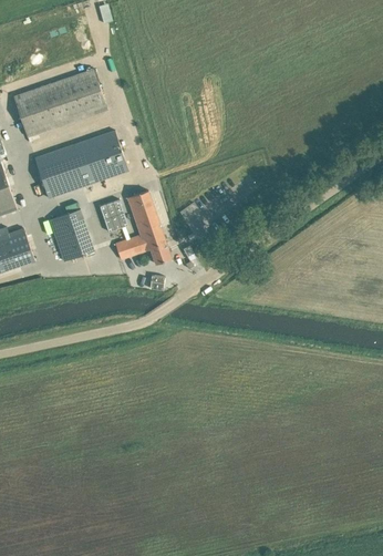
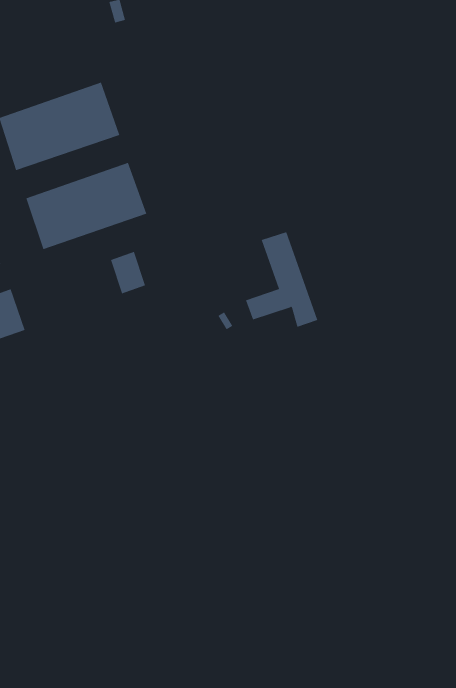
building: [114,189,170,264] -> [245,231,318,327]
building: [48,208,93,260] -> none

